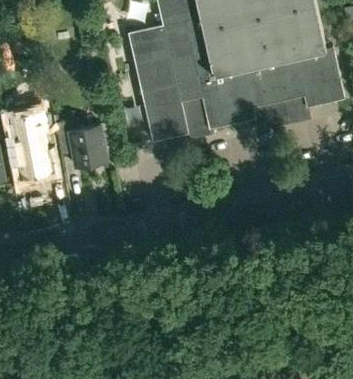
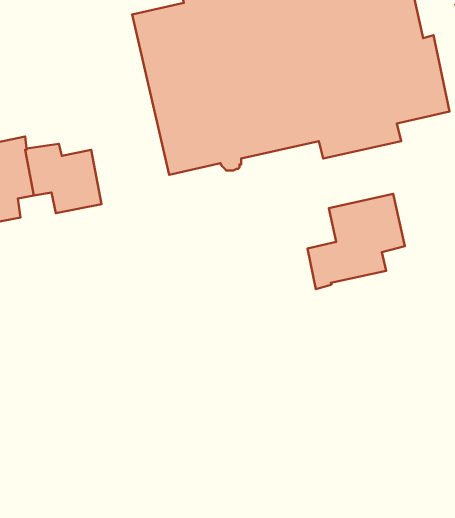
building: none -> [307,194,405,289]

